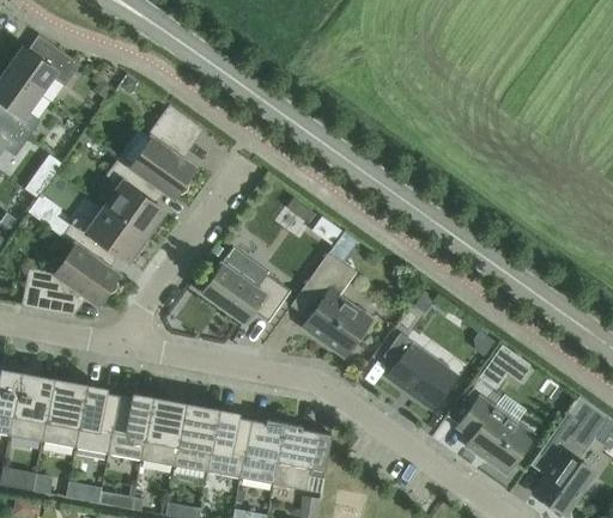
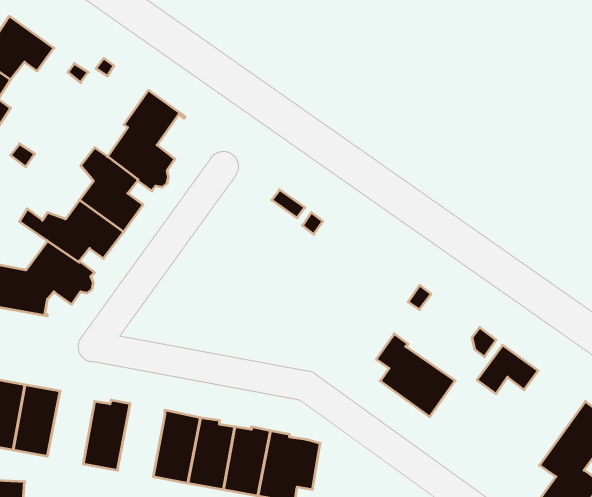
building: [200,246,290,323] -> none
building: [290,252,368,358] -> none
building: [74,386,119,455] -> none
building: [456,397,533,474] -> none
building: [140,398,184,467] -> none

